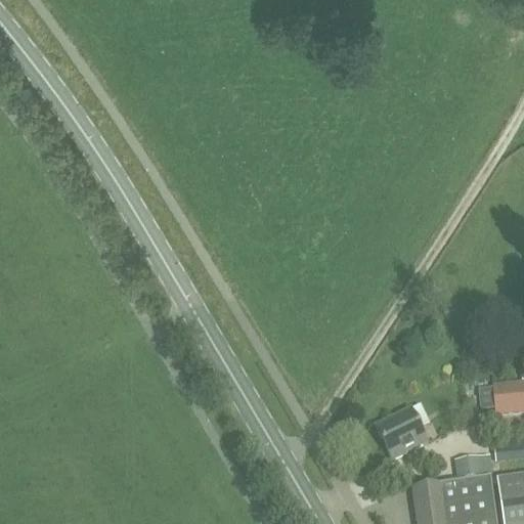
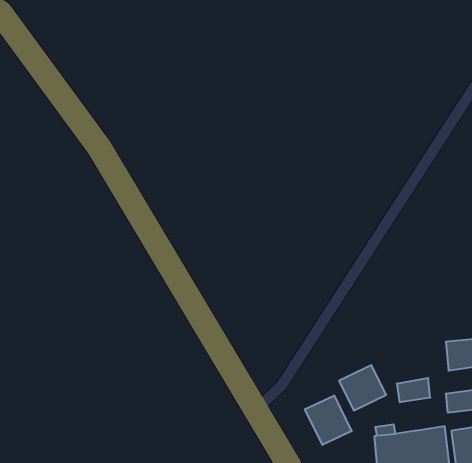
building: none -> [305,395,352,445]
building: [456,455,493,482] -> [397,378,430,402]

